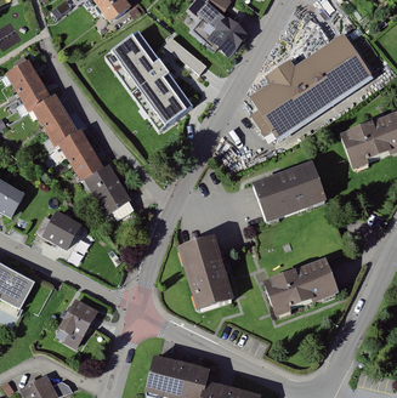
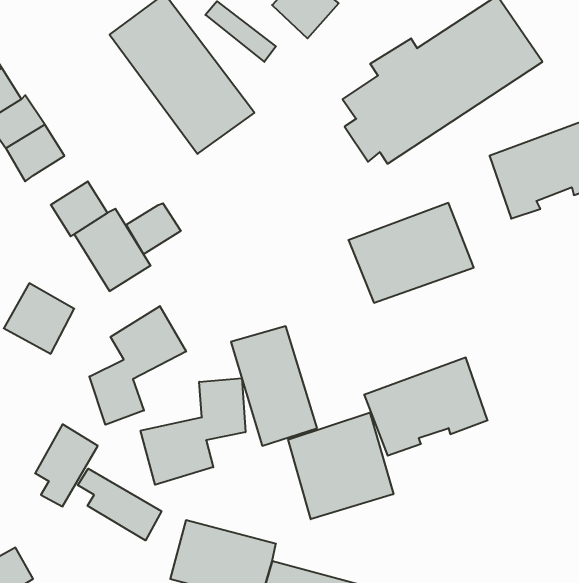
building: [57,130,91,161] -> [126,203,181,254]
building: none -> [89,306,186,425]
building: none -> [141,378,245,485]
building: none -> [288,412,393,519]
building: none -> [78,469,161,540]

